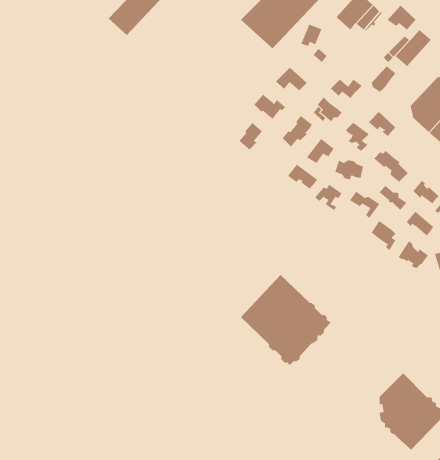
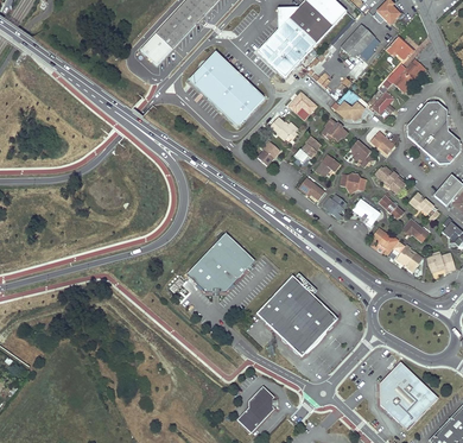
building: none -> [188,50,265,126]
building: none -> [186,232,255,291]
building: none -> [236,386,273,432]

